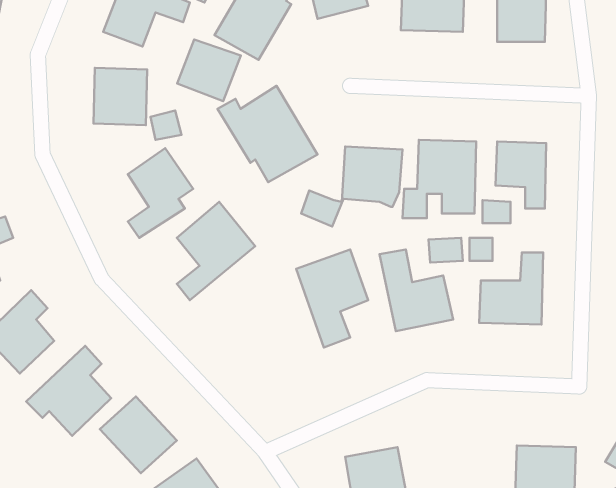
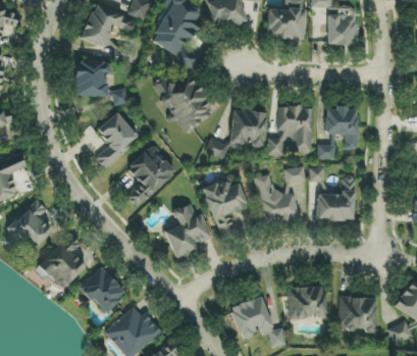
building: [177,39,241,101] -> none
building: none -> [164,203,212,259]
building: none -> [289,287,326,317]

